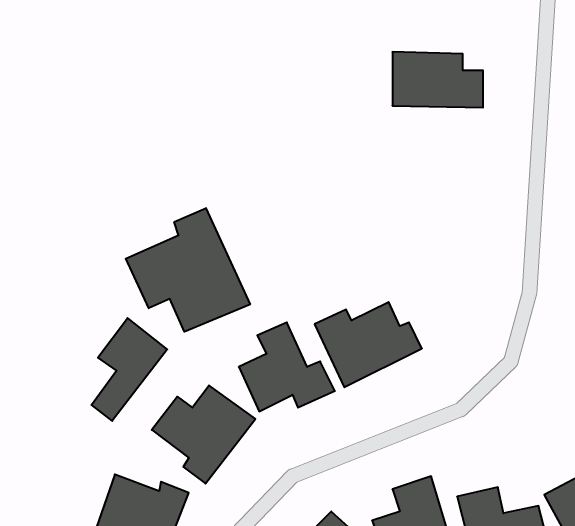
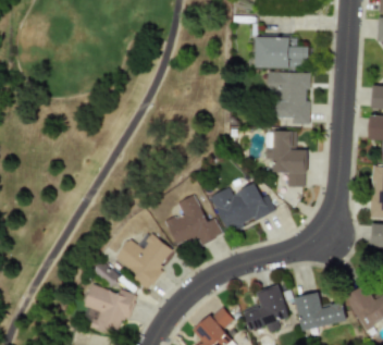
building: none -> [267,72,310,124]
building: [126,208,250,332] -> none
building: none -> [265,131,306,186]
building: [91,318,167,421] -> none

